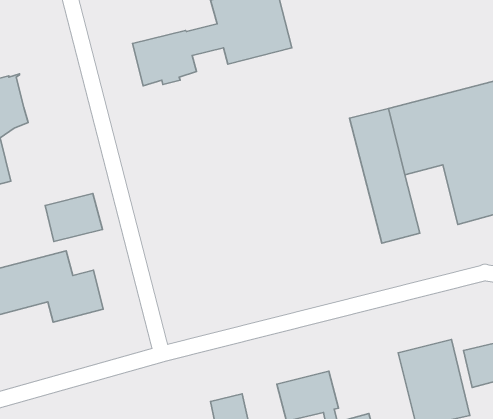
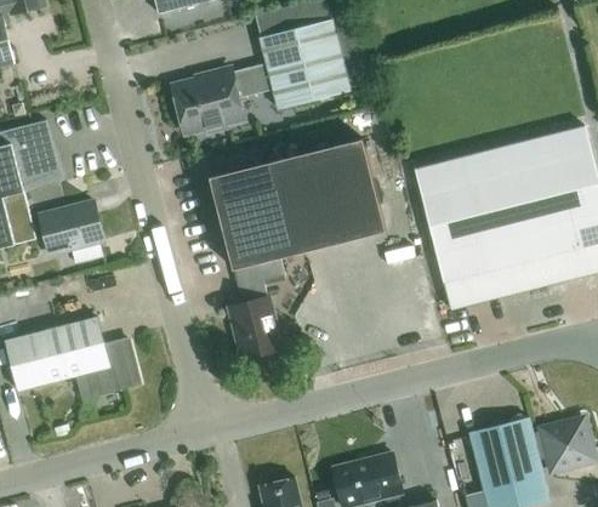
building: none -> [210,138,387,357]
building: none -> [477,222,536,298]
building: [45,194,103,241] -> [40,201,104,255]

